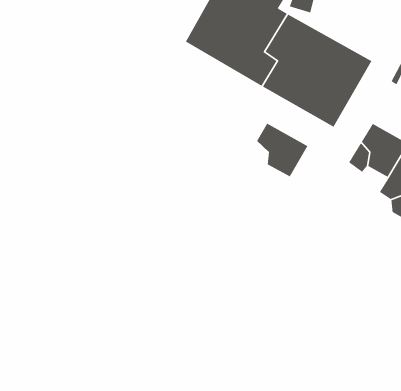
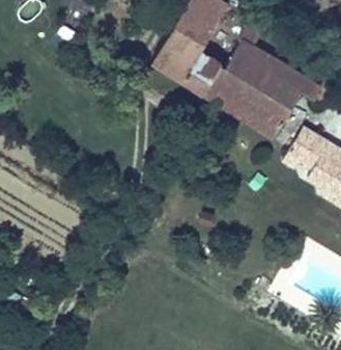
building: [256,123,308,178] -> none

